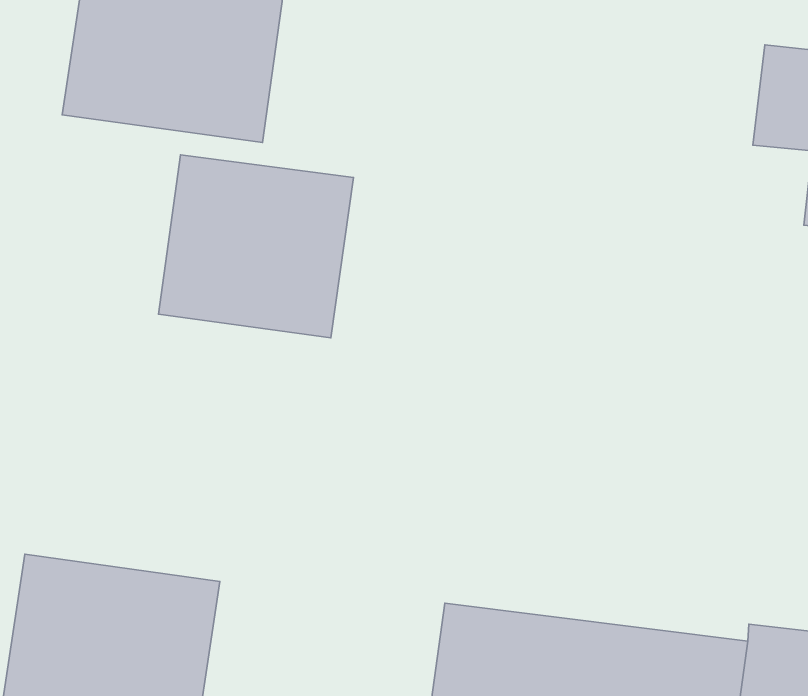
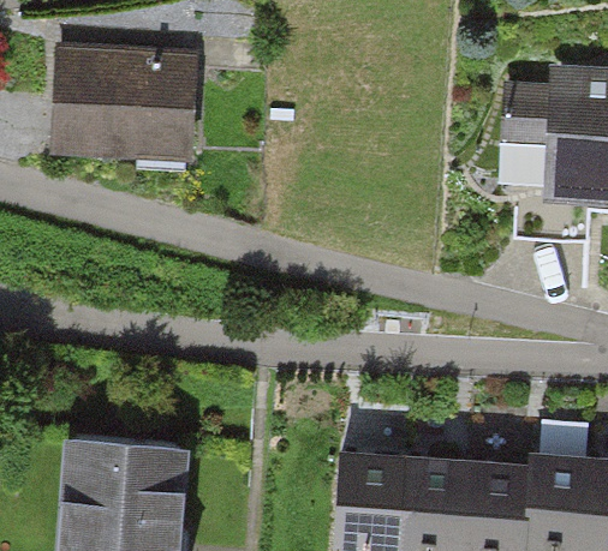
building: [158,155,353,338] -> none

